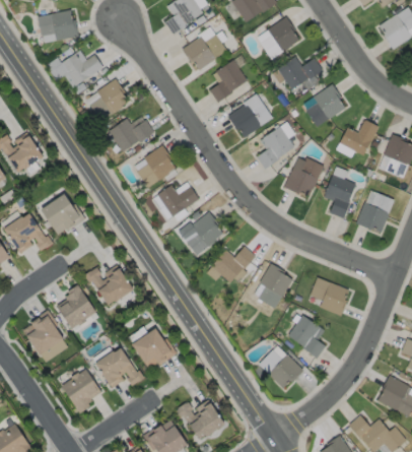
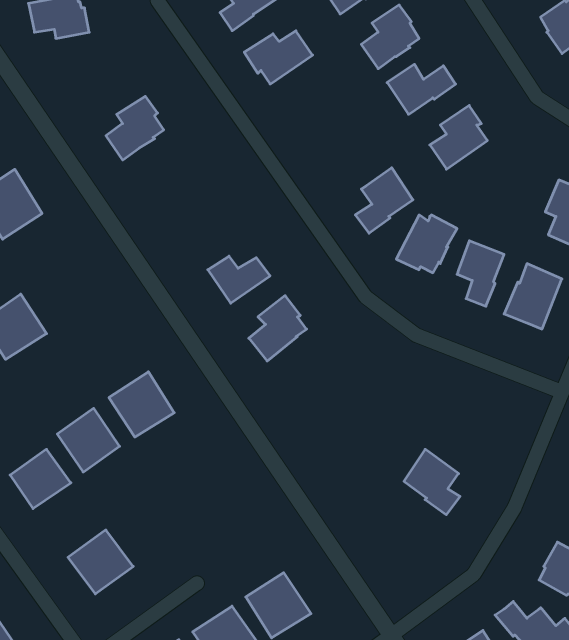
building: [60,53,102,84] -> none
building: [209,60,247,103] -> none
building: [226,93,271,138] -> none
building: [108,118,153,151] -> none
building: [338,120,376,155] -> none
building: [135,144,174,187] -> none
building: [41,192,84,236] -> none
building: [210,246,255,282] -> none
building: [257,263,291,309] -> none
building: [310,277,348,315] -> none
building: [132,326,177,371] -> none
building: [95,344,140,389] -> none
building: [257,349,302,388] -> none

